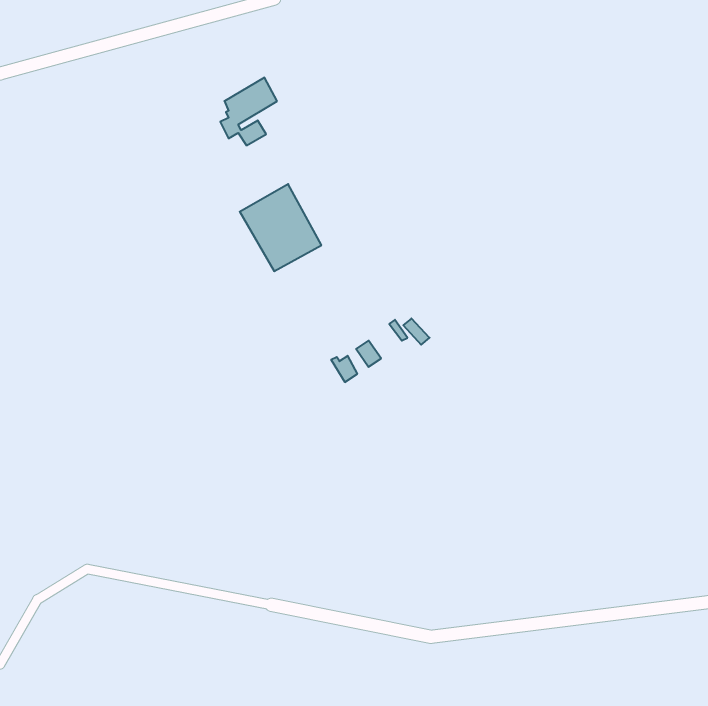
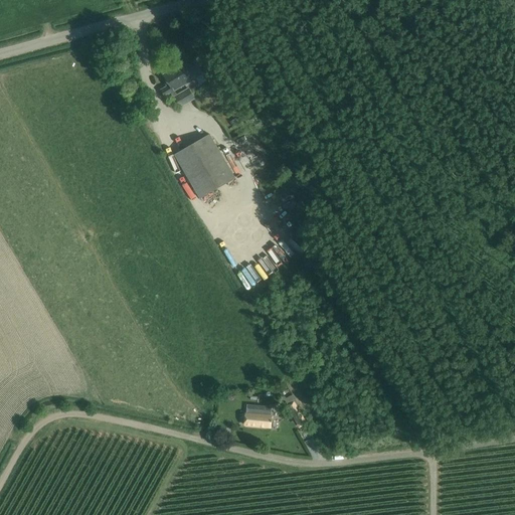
building: none -> [245,404,272,426]

